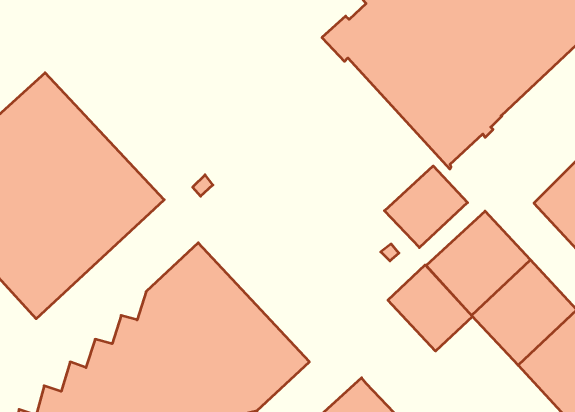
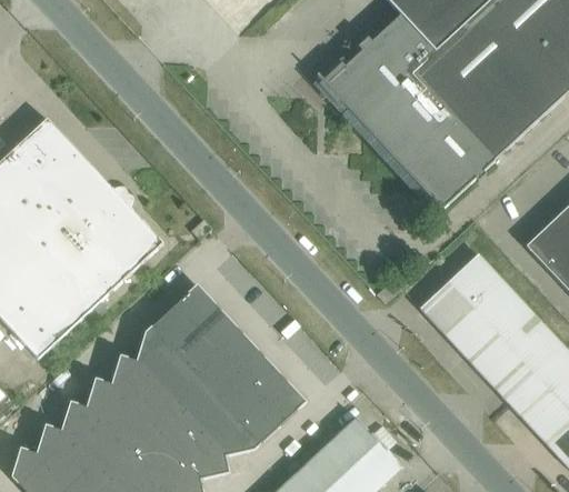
building: [384,166,468,248] -> none
building: [388,265,473,351] -> none

